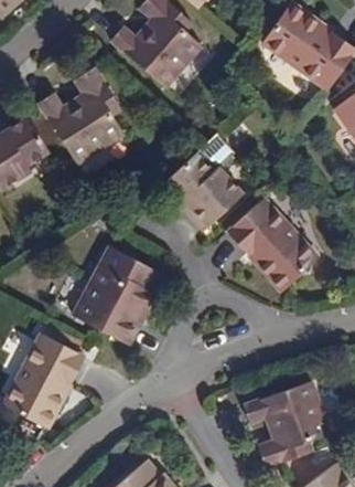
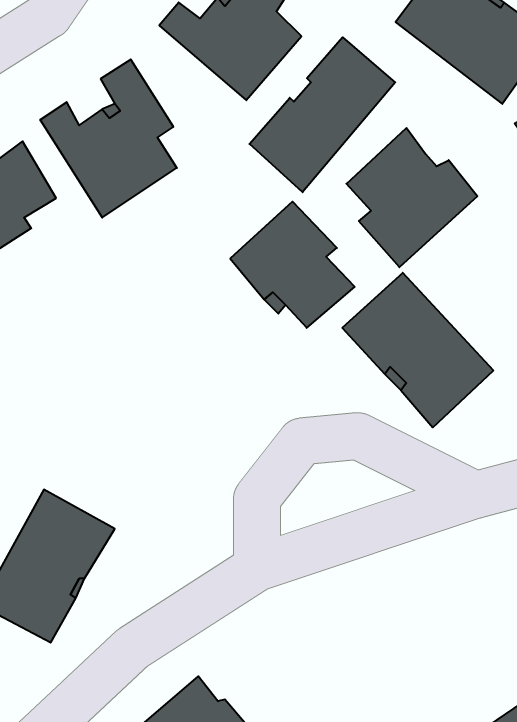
building: none -> [249,37,395,192]
building: none -> [346,128,477,267]
building: [69,244,158,343] -> none
building: [245,380,327,467] -> none

